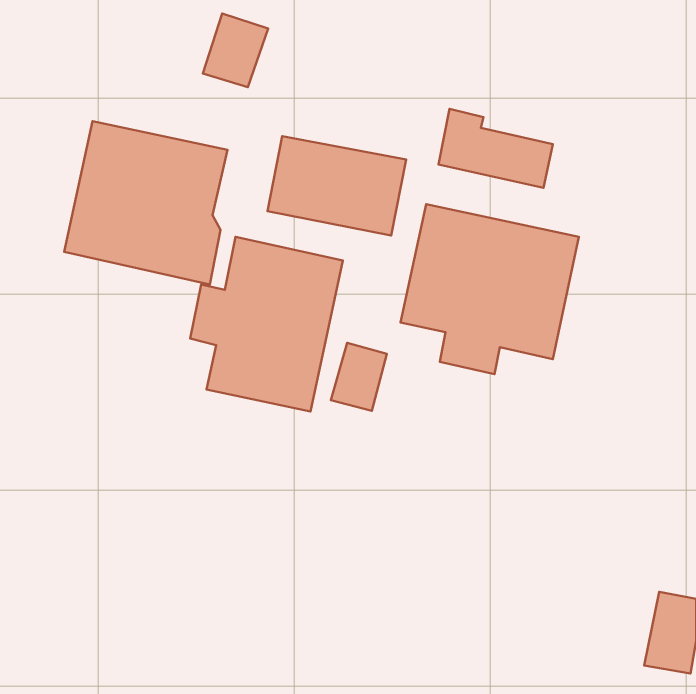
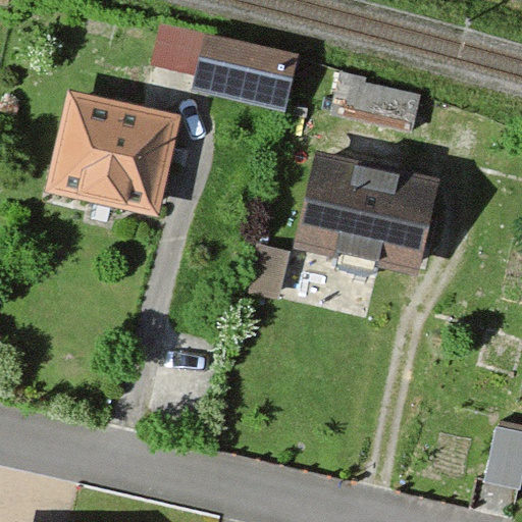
building: [267,136,406,236] -> [193,34,297,108]
building: [190,237,343,411] -> none

